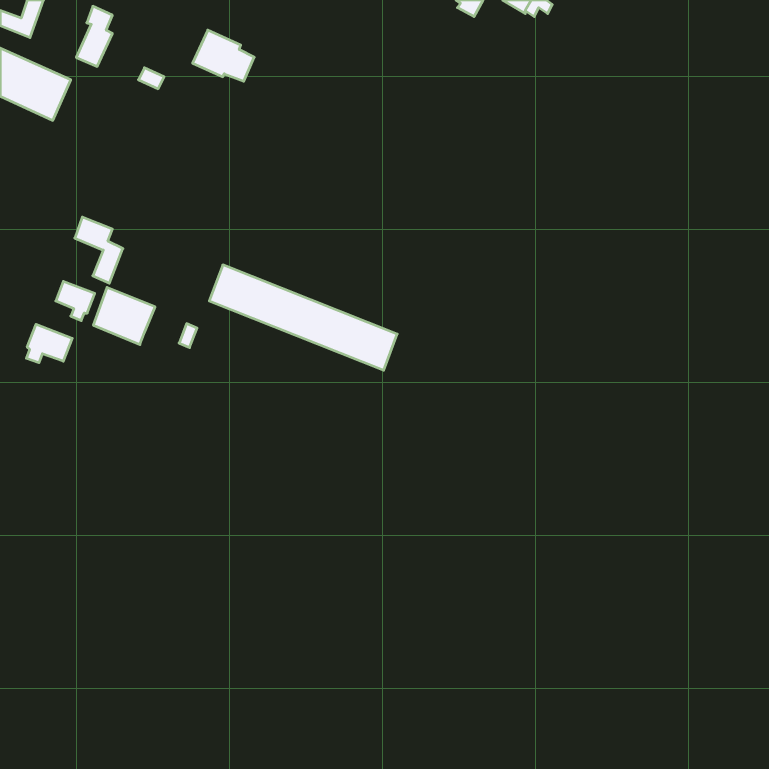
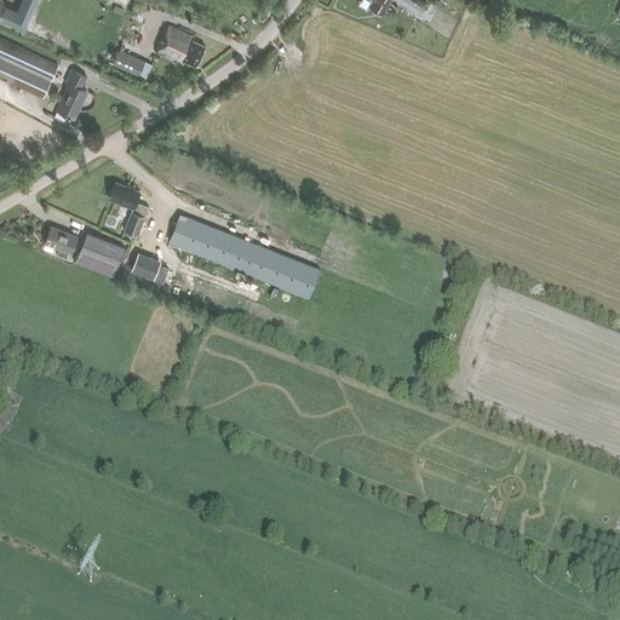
building: [76,6,112,66] -> [57,69,86,117]
building: [75,217,123,283] -> [109,182,148,235]
building: [26,324,72,363] -> none

